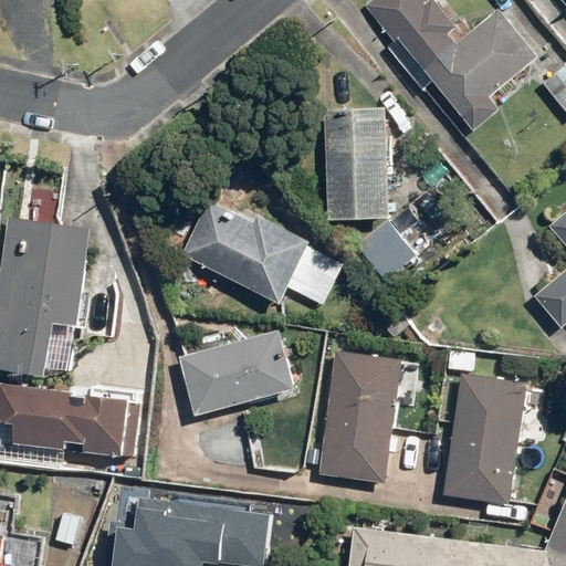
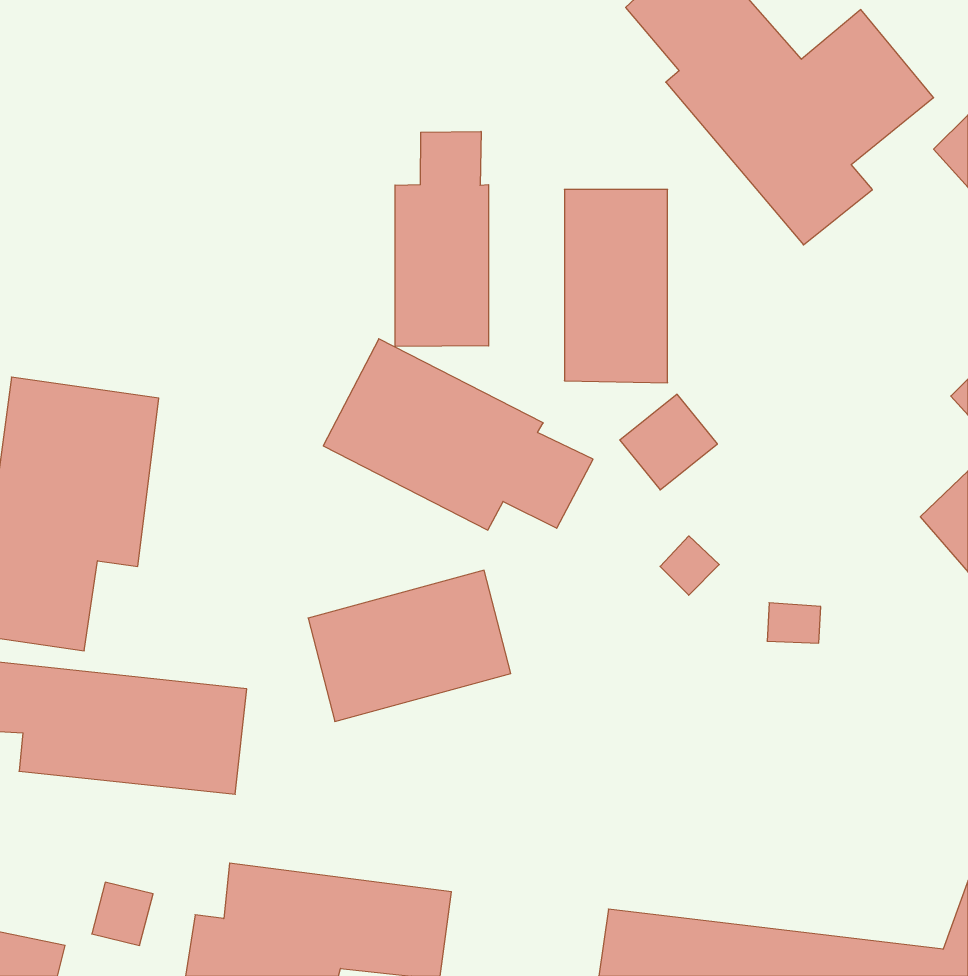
building: none -> [395,131,489,346]
building: [319,350,397,483] -> none
building: [443,377,544,505] -> none

